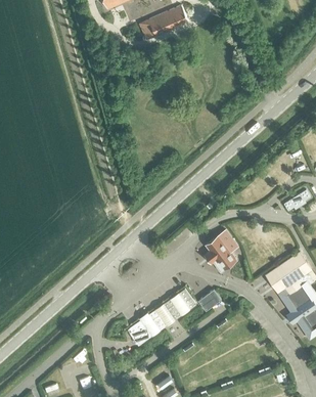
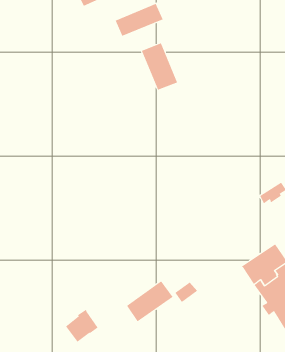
building: none -> [141,43,178,91]
building: [205,228,239,272] -> none
building: [127,312,161,346] -> [65,309,98,343]

